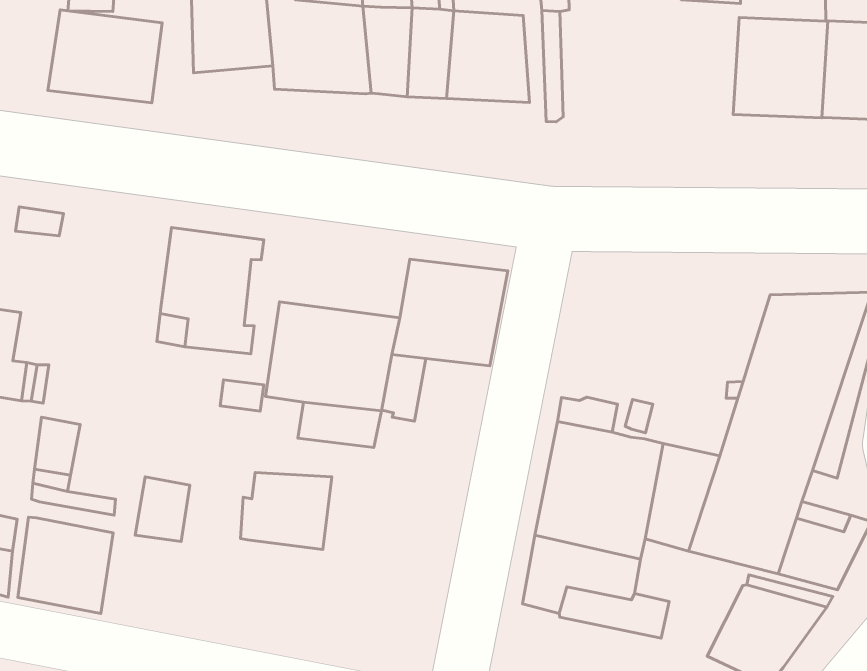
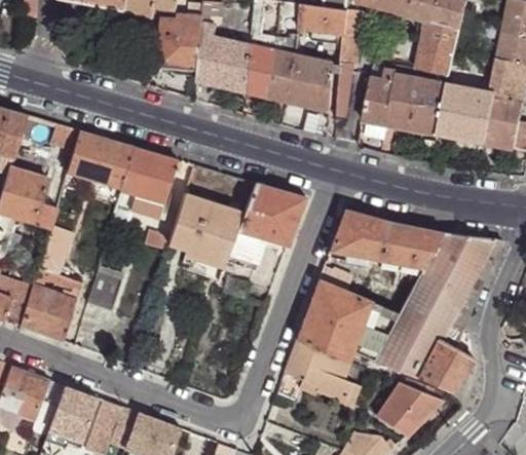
building: none -> [364,70,448,135]
building: [48,10,162,103] -> [67,130,133,187]
building: none -> [330,210,441,267]
building: [241,472,332,549] -> none

